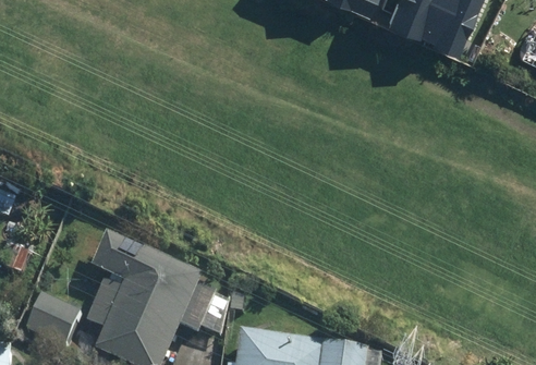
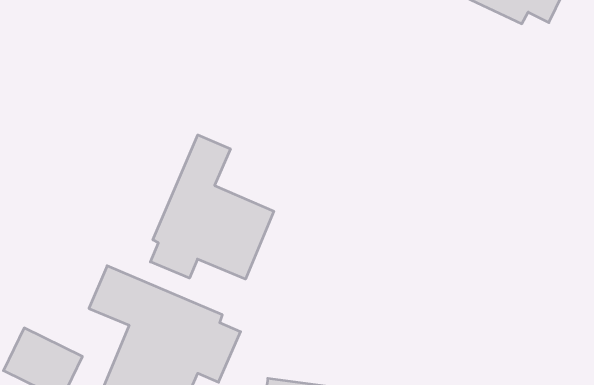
building: none -> [150,135,274,279]

